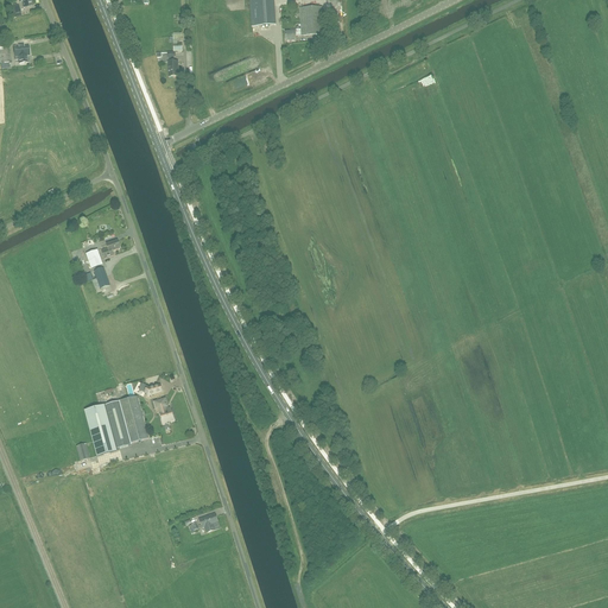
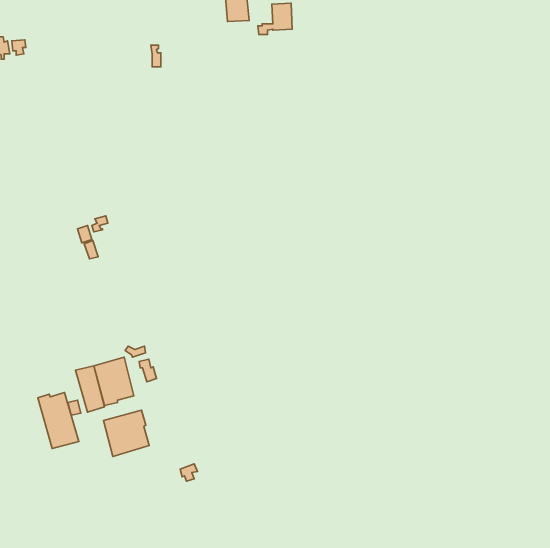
building: none -> [38,393,79,449]
building: none -> [103,410,149,456]

